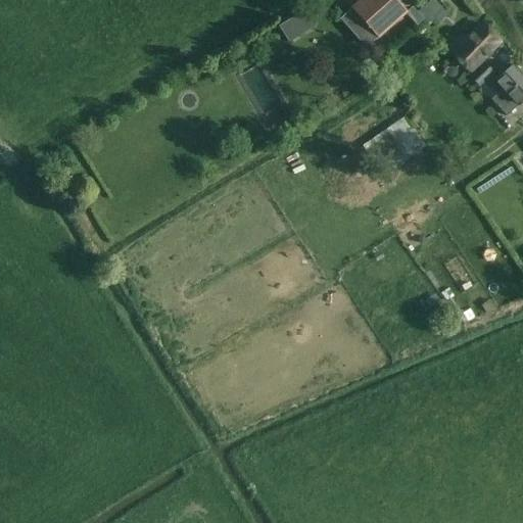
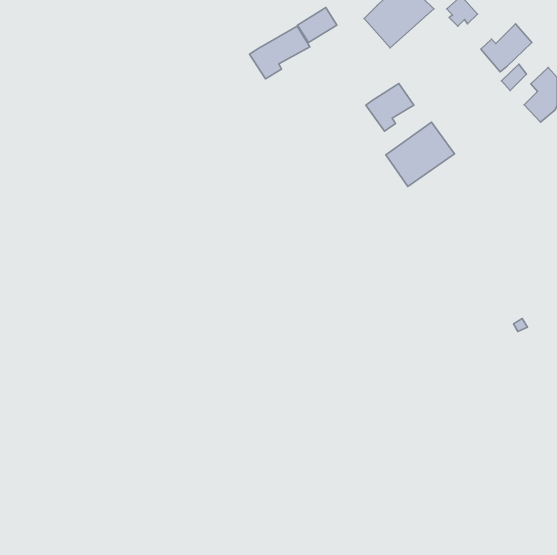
building: none -> [250,26,310,79]
building: none -> [366,84,414,131]

